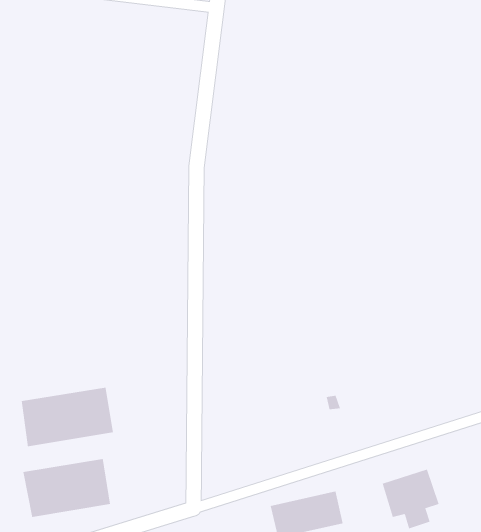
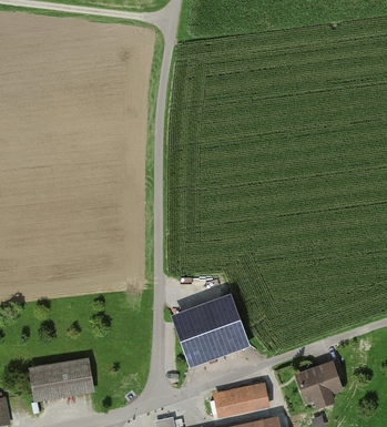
building: none -> [174,301,245,365]
building: [21,387,114,447] -> none

